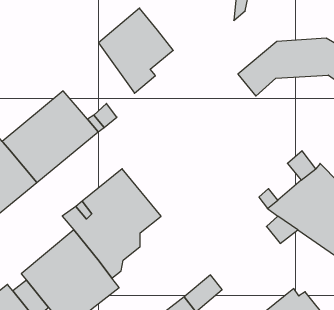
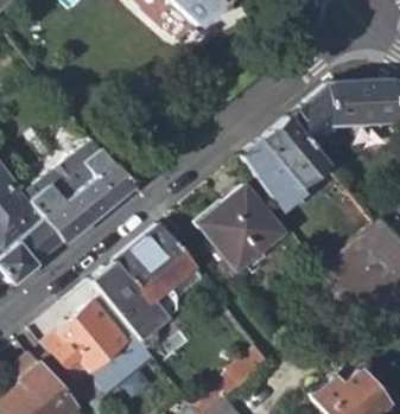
building: [99,8,173,93] -> [243,117,328,214]
building: none -> [203,185,284,270]

